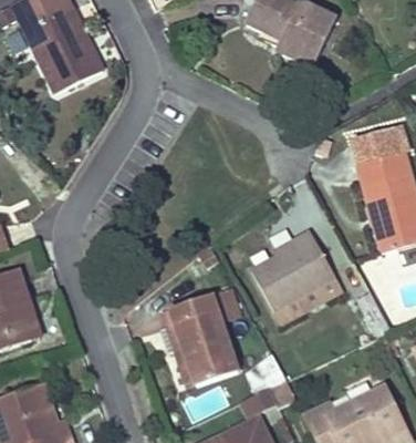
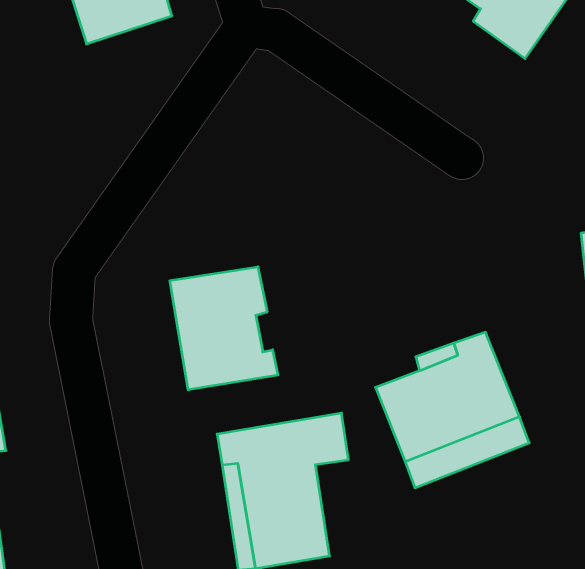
building: none -> [170,267,278,390]

